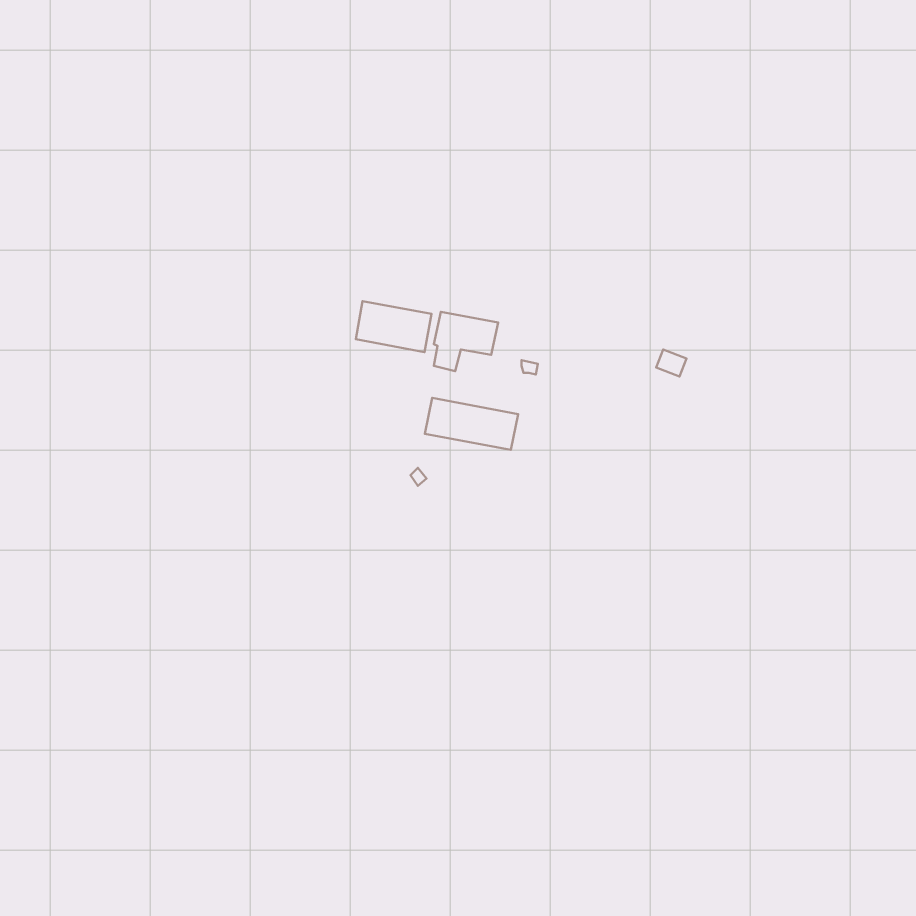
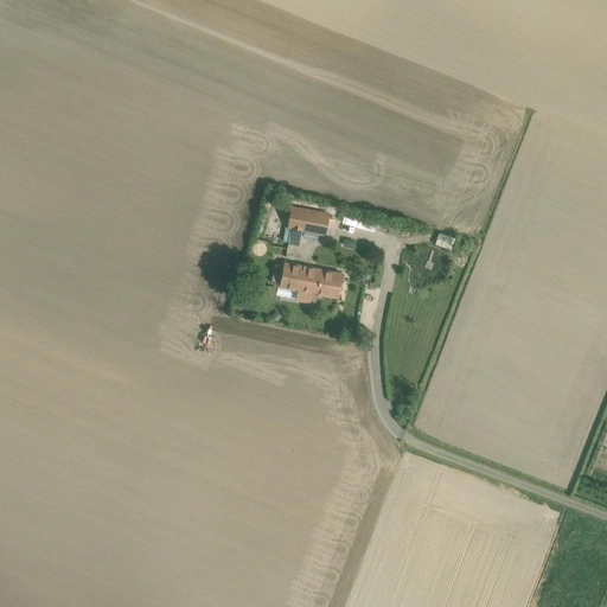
building: [356,301,431,352] -> none

